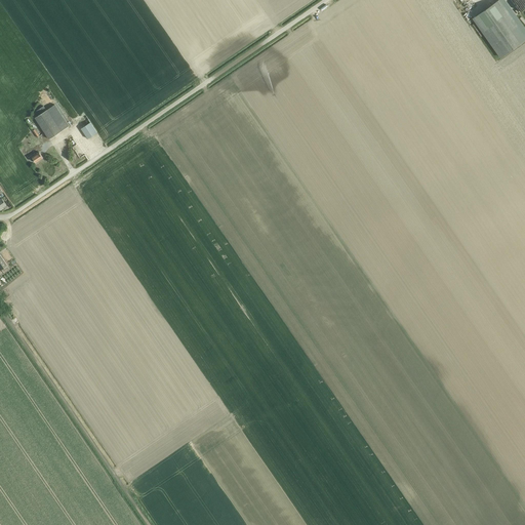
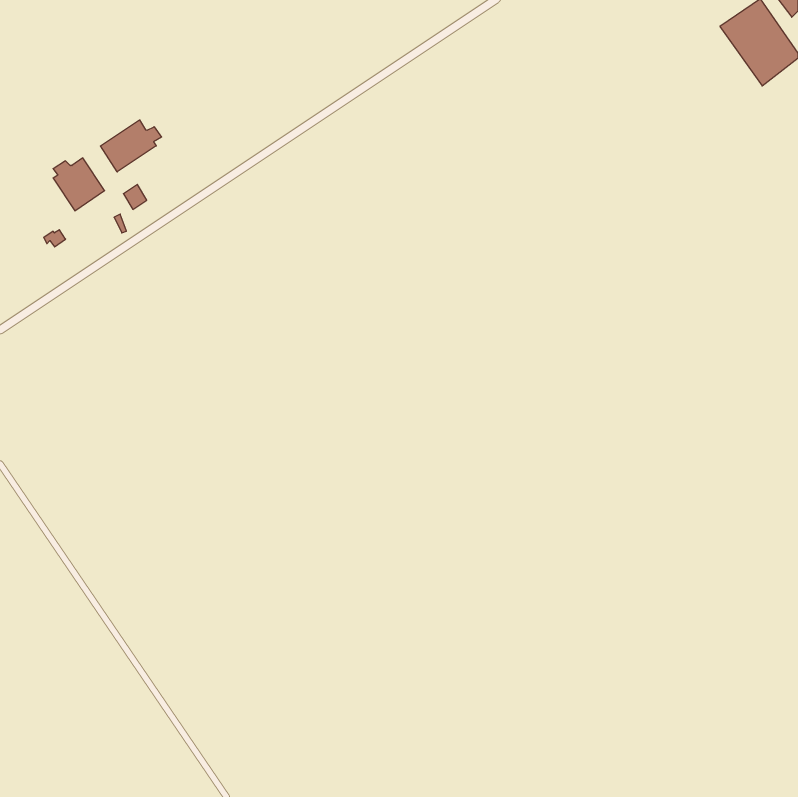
building: none -> [100,120,162,172]

